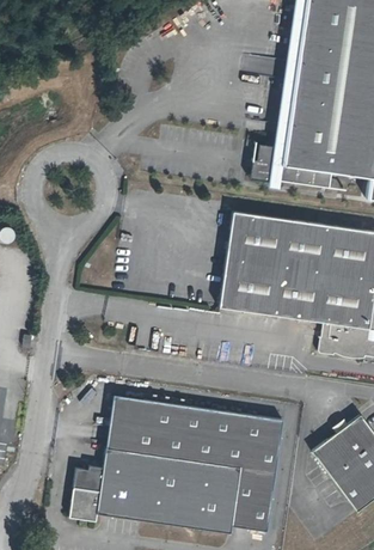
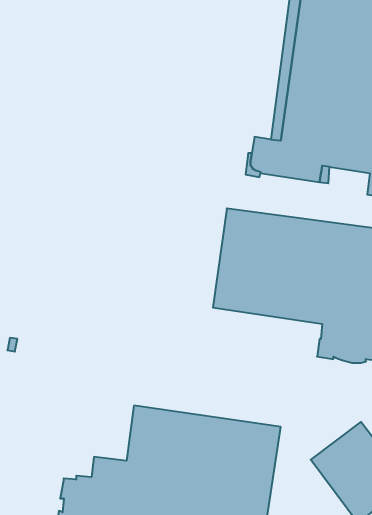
building: [105,395,143,452] -> none

